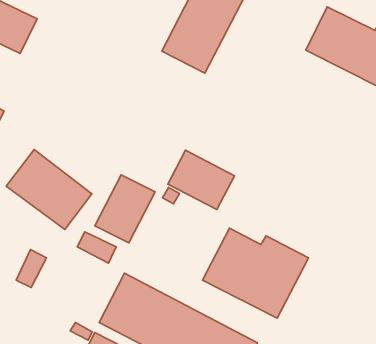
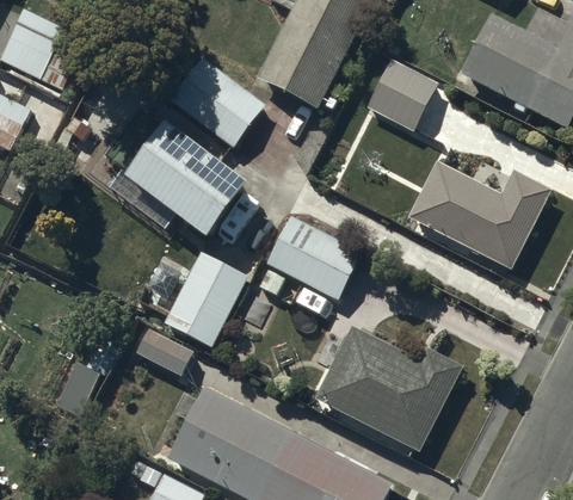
building: none -> [171,57,264,146]
building: none -> [366,58,438,130]
building: none -> [408,161,553,270]
building: [6,150,92,229] -> [129,128,249,240]

